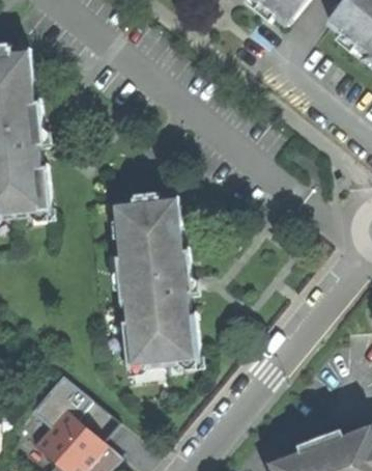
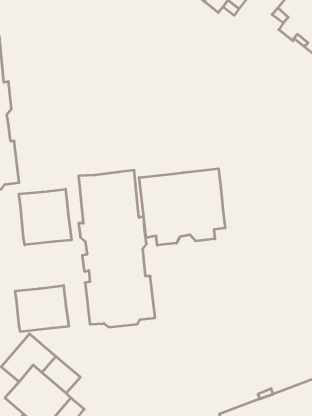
building: none -> [139,169,225,245]
building: none -> [19,189,71,245]
building: none -> [15,285,69,332]

